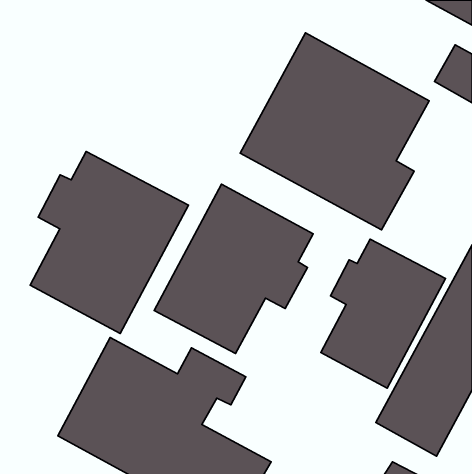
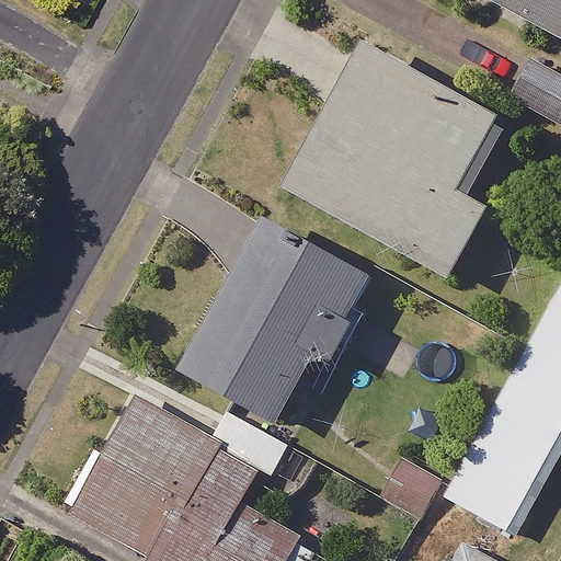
building: [30,151,189,334] -> none
building: [321,239,445,388] -> none

